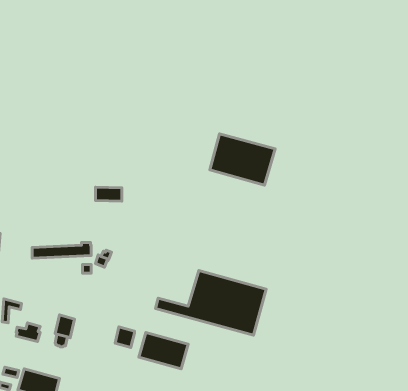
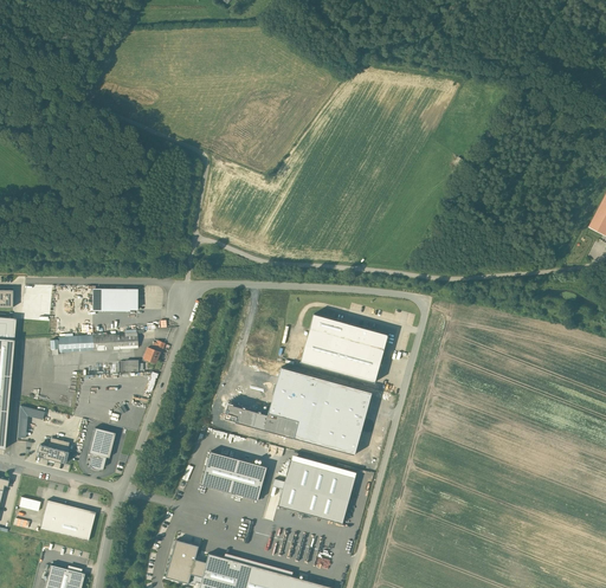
building: [210,134,275,185] -> [301,314,388,382]
building: [95,187,122,201] -> [94,289,129,308]
building: [115,327,135,347] -> none
building: none -> [278,454,356,523]

